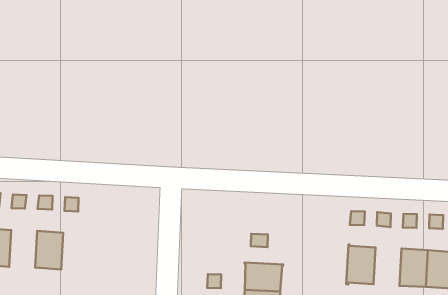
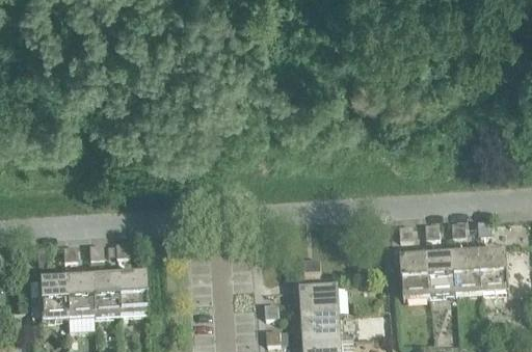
building: none -> [64,277,92,316]
building: none -> [116,273,145,313]
building: none -> [427,254,455,293]

